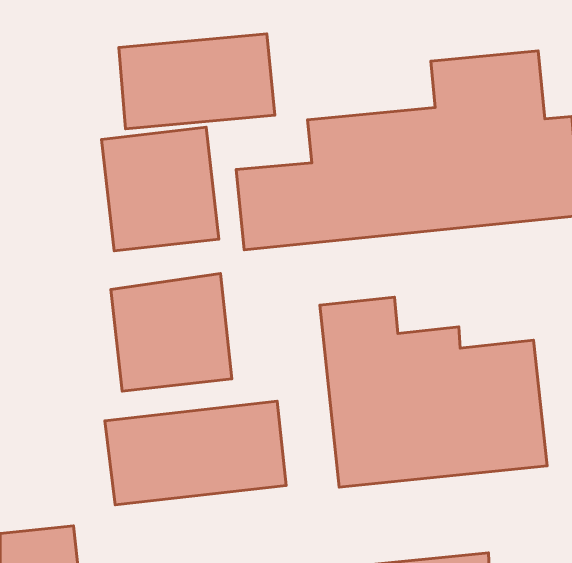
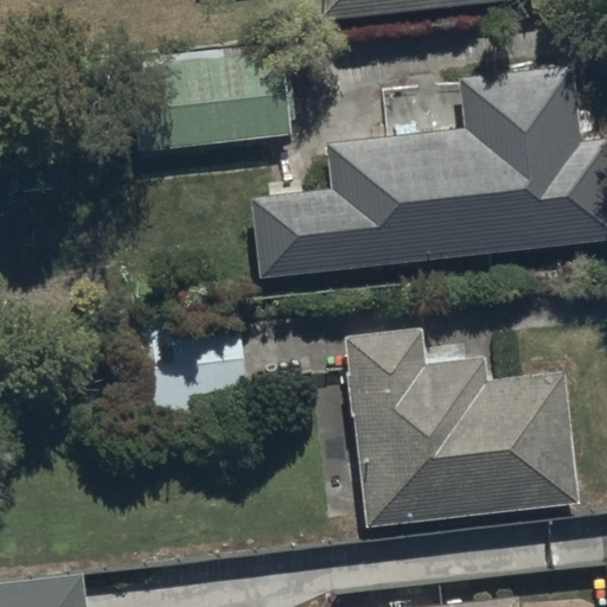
building: [102,127,219,251] -> none
building: [105,401,286,505] -> none

